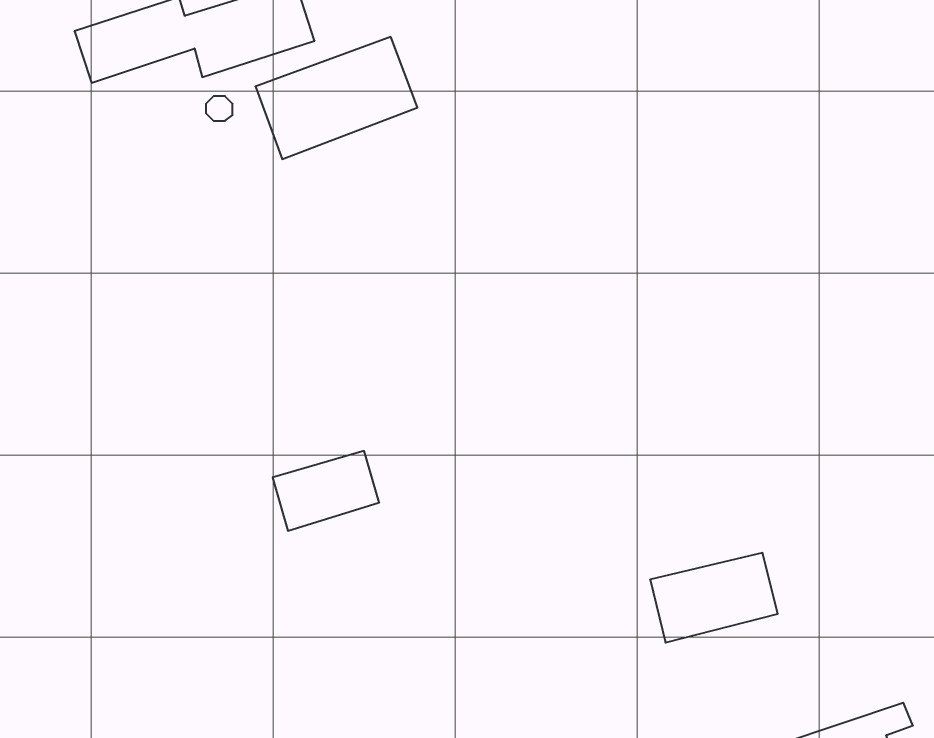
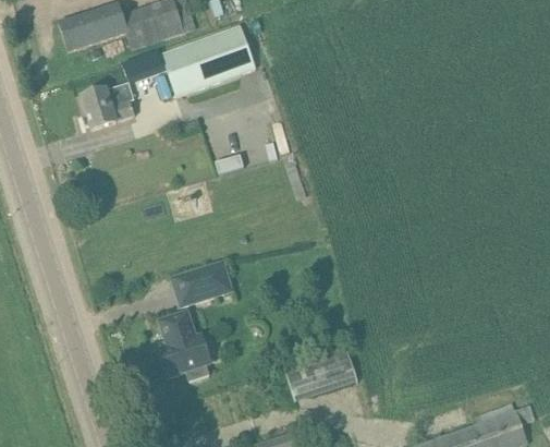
building: none -> [81,81,135,129]
building: none -> [158,311,208,378]
building: [650,553,778,643] -> [283,347,356,398]

